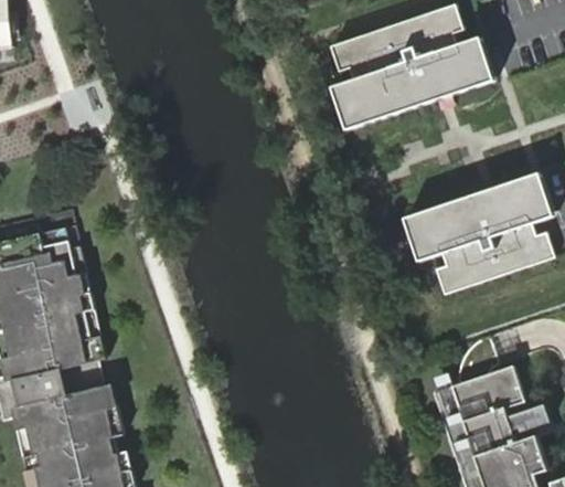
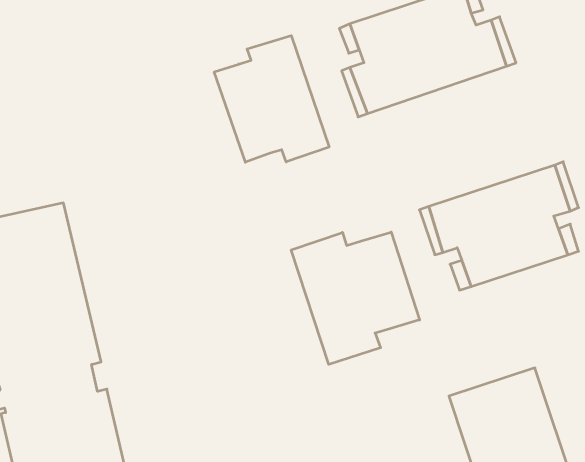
building: none -> [214,36,329,162]
building: none -> [291,232,420,364]

